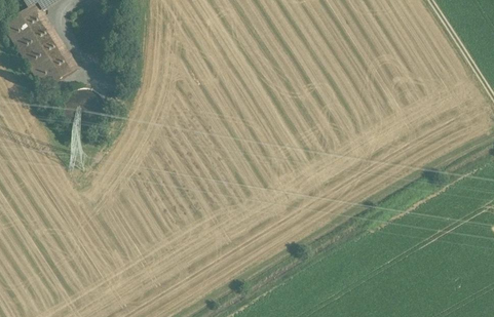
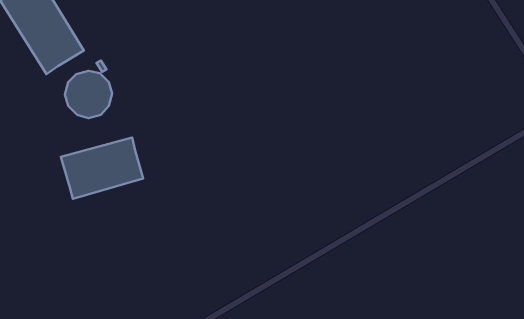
building: none -> [61,137,143,199]

